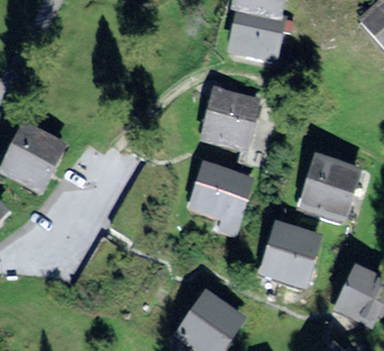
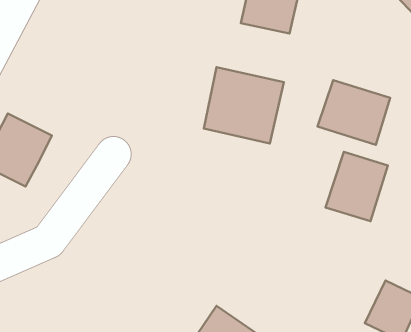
building: none -> [318,80,390,145]
building: [194,166,250,221] -> none
building: [262,226,317,284] -> none

